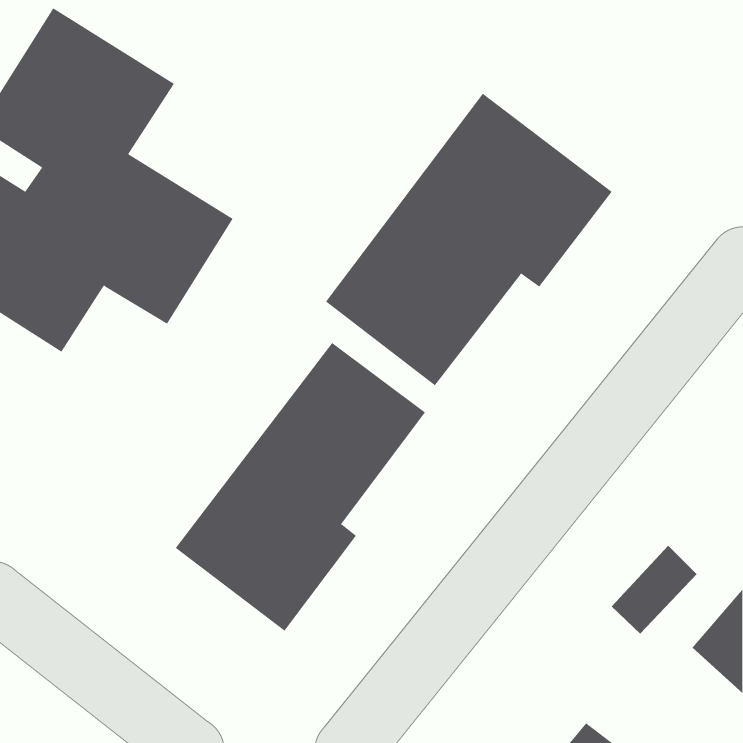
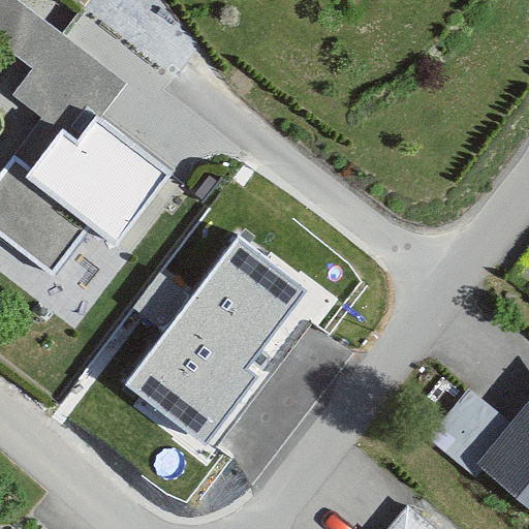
building: [325,93,613,386] -> none

